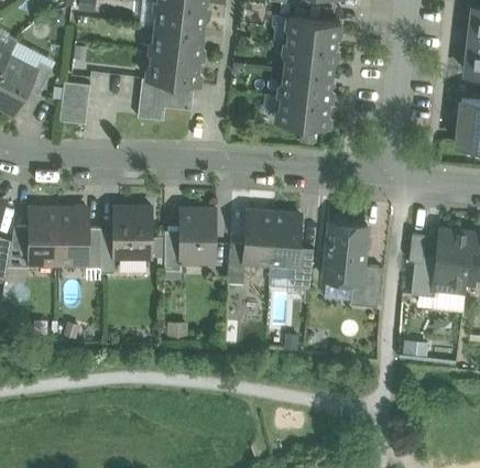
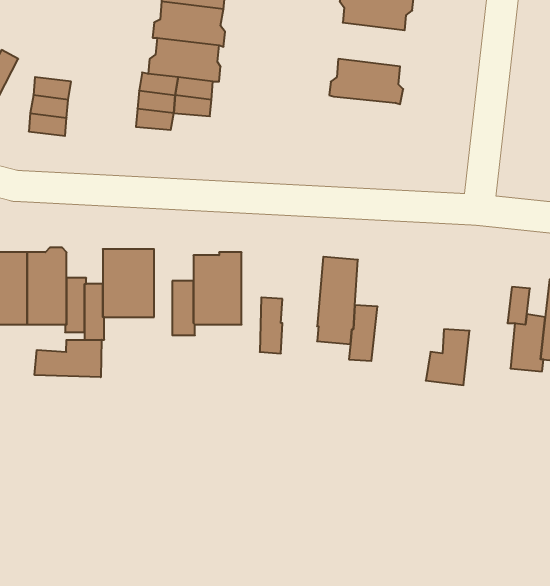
building: [284,42,337,74] -> none
building: [275,96,329,127] -> none
building: [243,210,274,263] -> none
building: [324,218,367,283] -> none
building: none -> [35,340,102,377]

